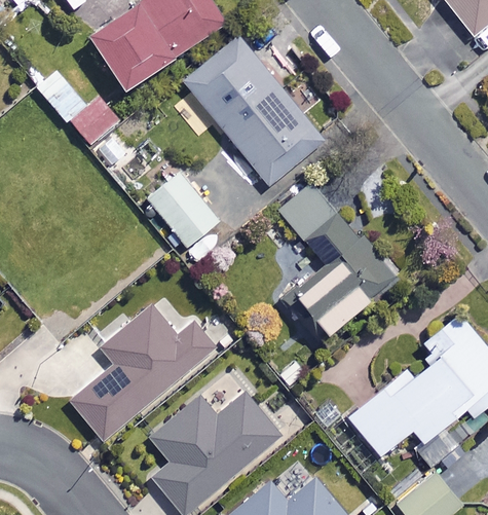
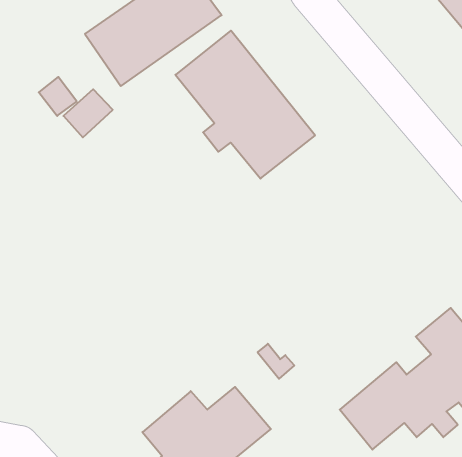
building: [147,173,219,248] -> none
building: [278,178,397,336] -> none
building: [71,307,215,439] -> none

